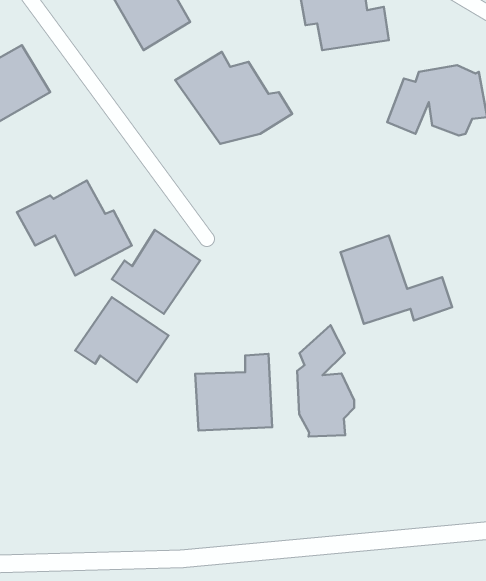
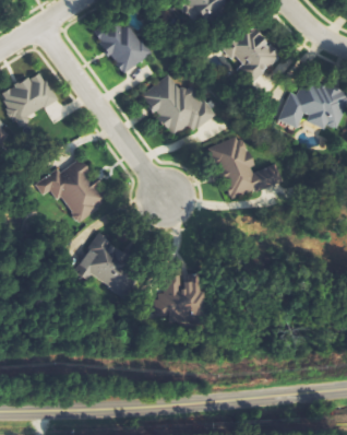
building: [112,230,200,314] -> none
building: [340,235,452,324] -> [208,134,282,192]
building: [297,325,354,436] -> none

